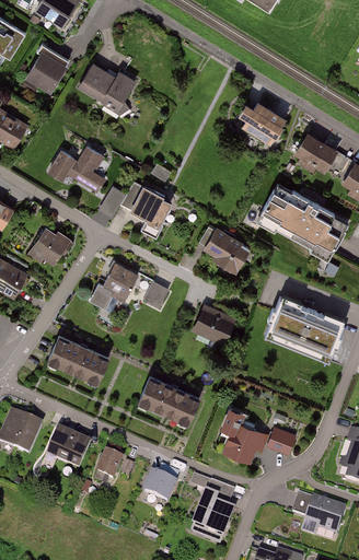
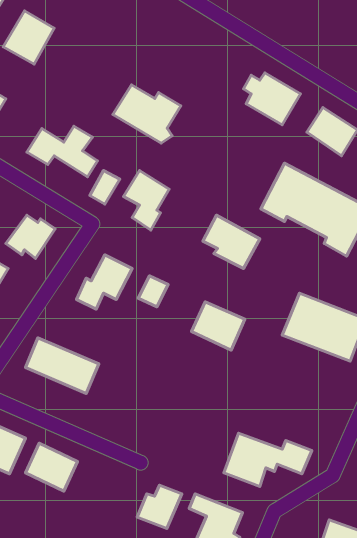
building: [77,61,137,113] -> [113,85,181,143]
building: [139,372,205,423] -> none
building: [94,450,136,482] -> none

